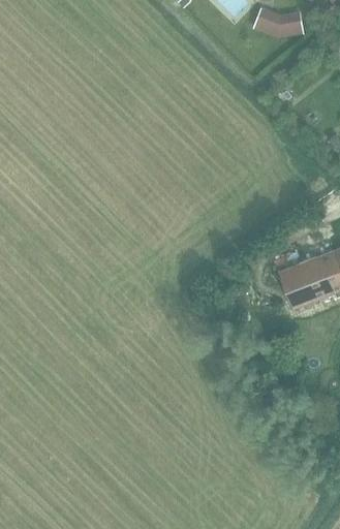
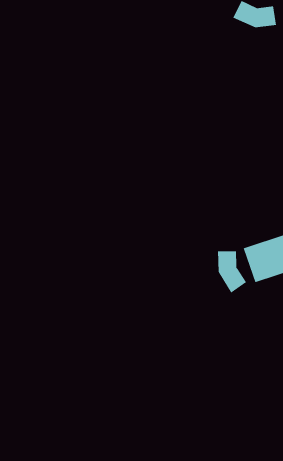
building: none -> [217,251,247,294]

